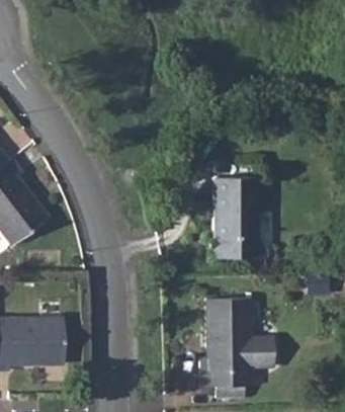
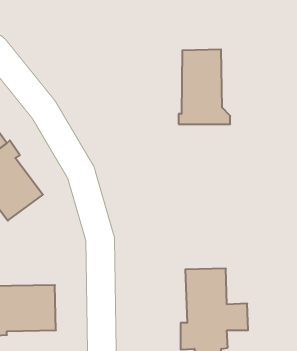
building: [211,176,268,258] -> [179,49,230,124]

